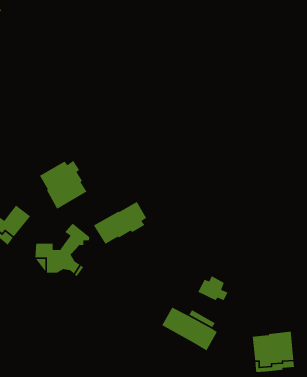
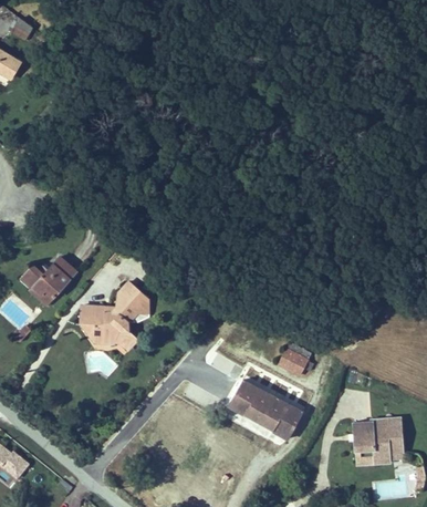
building: [39,160,87,210] -> none
building: [93,201,147,245] -> none

